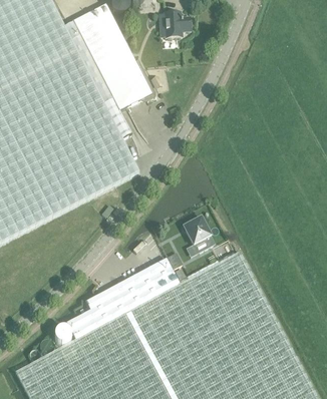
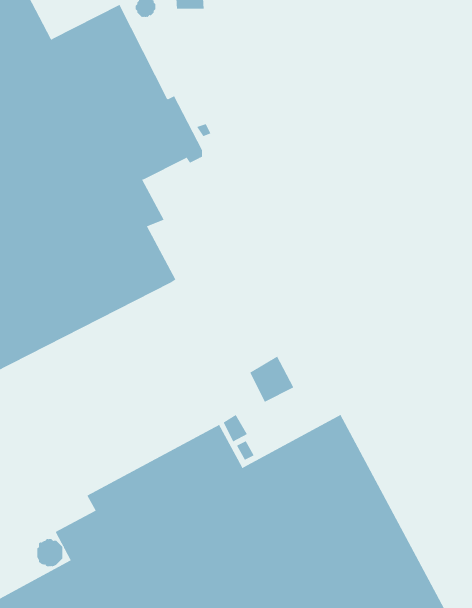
building: [164,13,191,39] -> none

